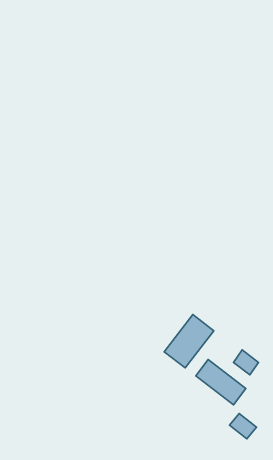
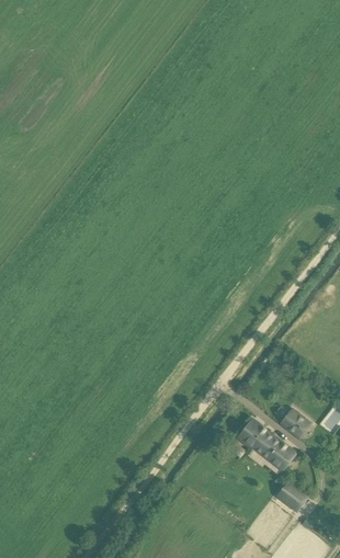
building: [164,315,214,368] -> none

